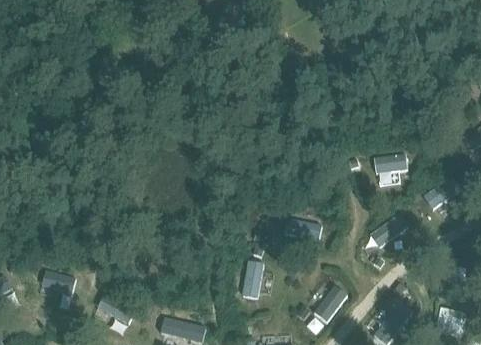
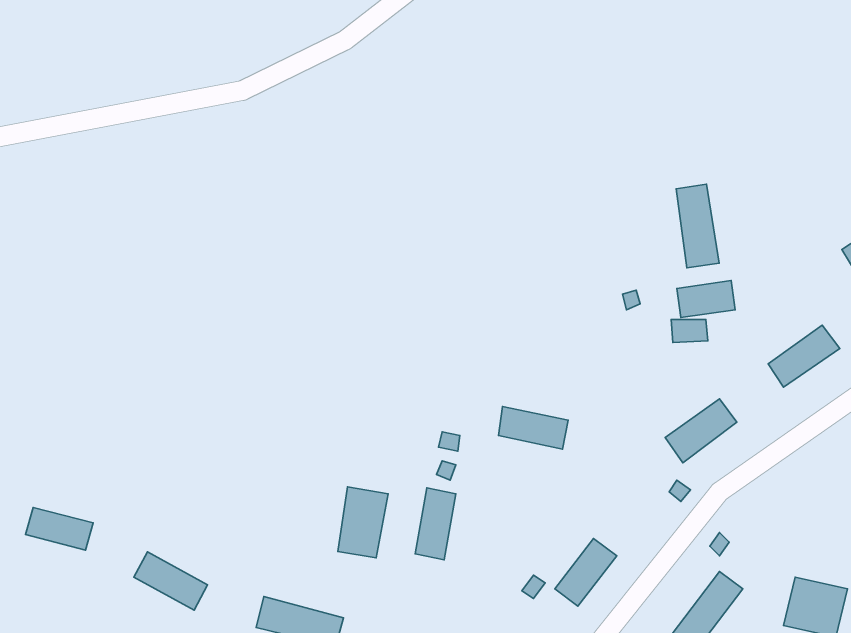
building: none -> [676,184,719,268]
building: none -> [338,487,388,558]

